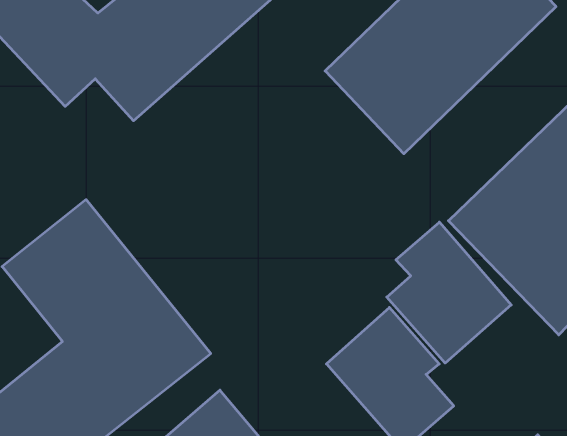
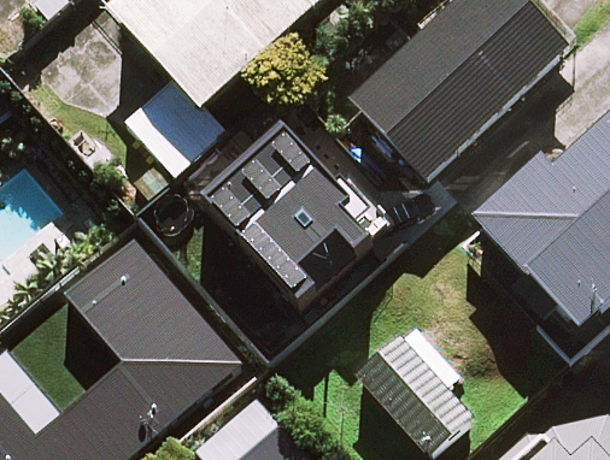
building: none -> [205,124,366,297]
building: [387,222,511,363] -> none

